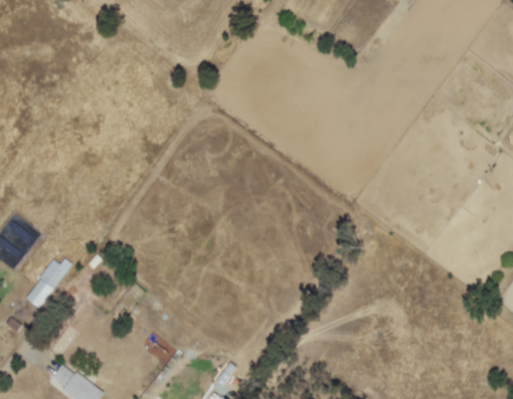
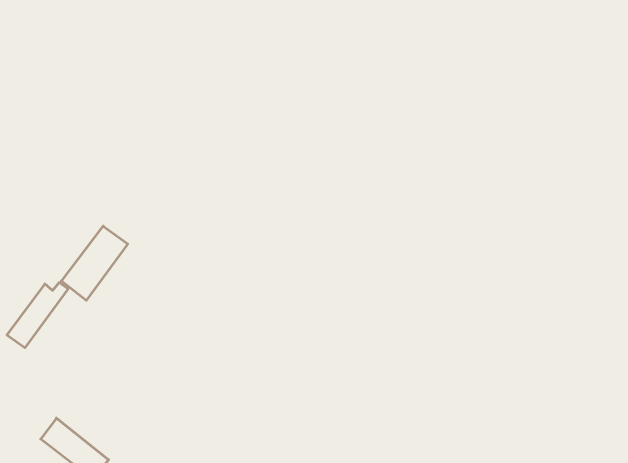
building: none -> [61,226,128,300]

